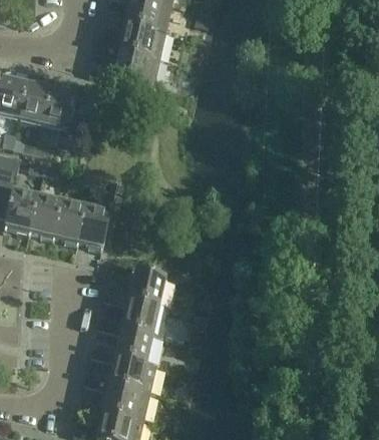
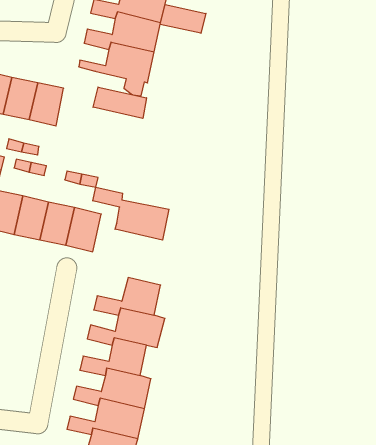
building: none -> [160,5,206,33]
building: none -> [93,87,146,118]
building: none -> [93,187,169,240]

